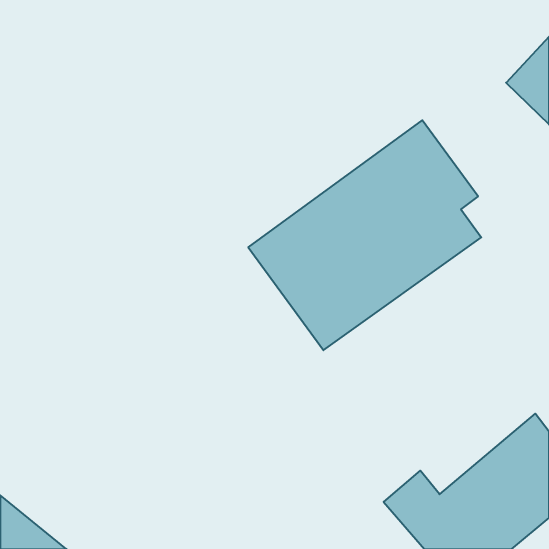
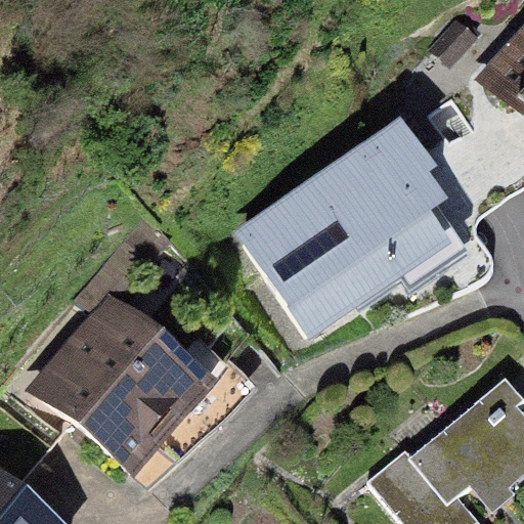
building: none -> [32,291,217,475]

